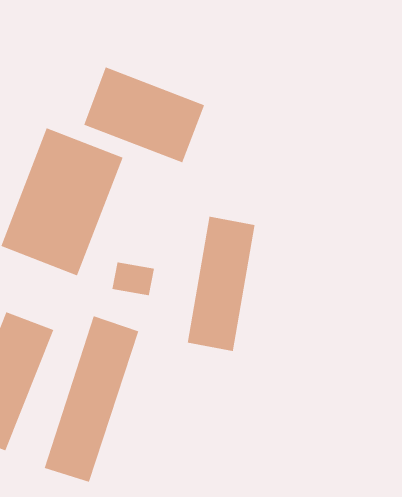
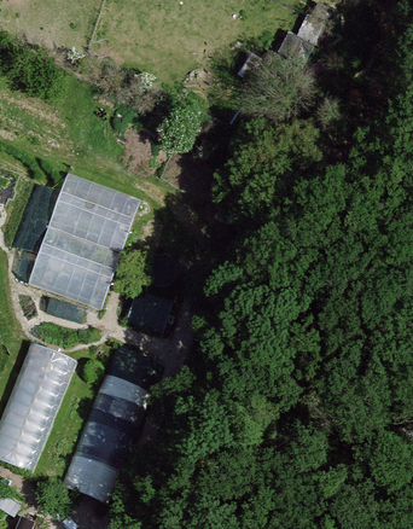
building: [83,67,205,163] -> none
building: [187,216,255,352] -> none

